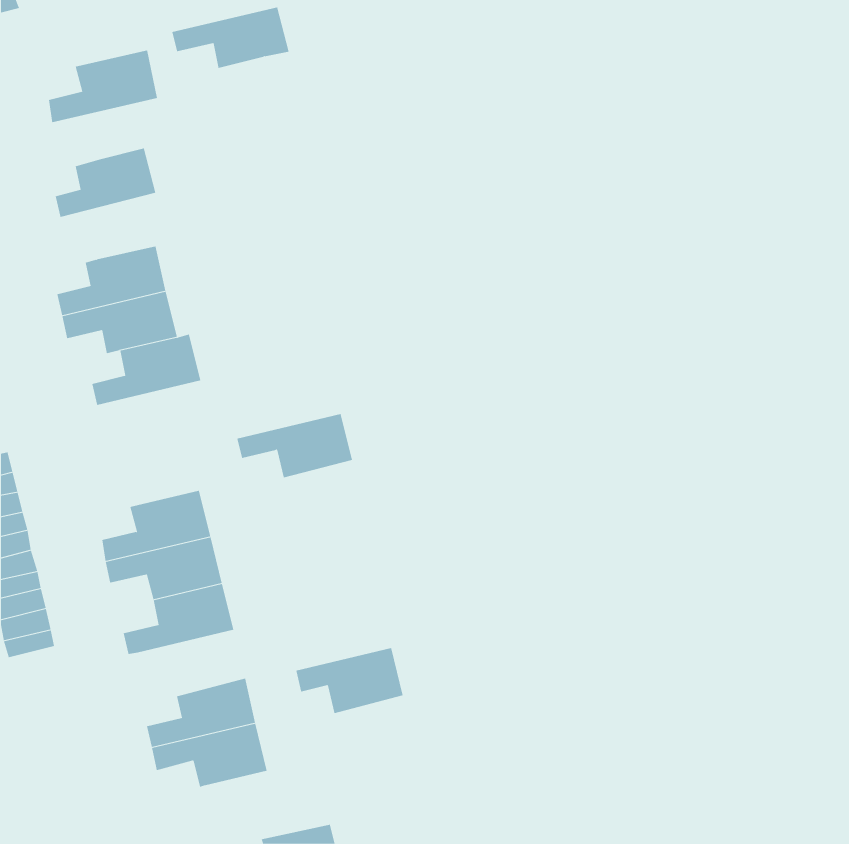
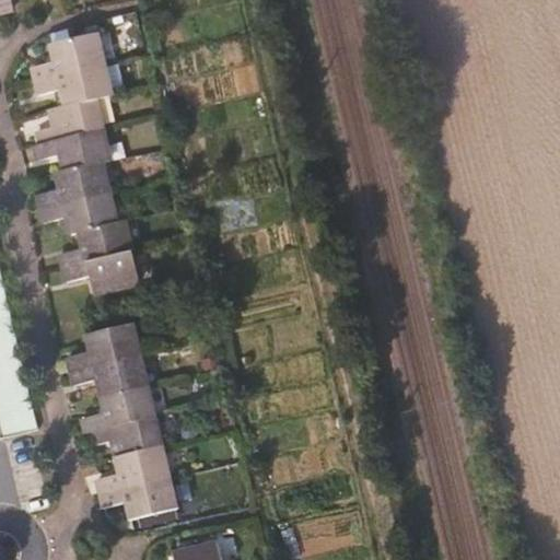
building: [171,7,289,68] -> [34,65,112,105]
building: none -> [33,127,110,171]
building: [237,414,353,478] -> [63,250,140,293]
building: [295,647,403,714] -> [91,415,162,458]

